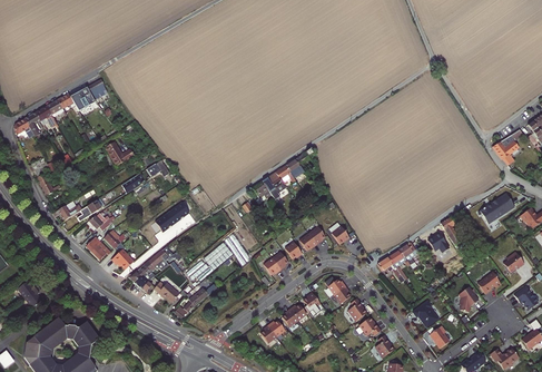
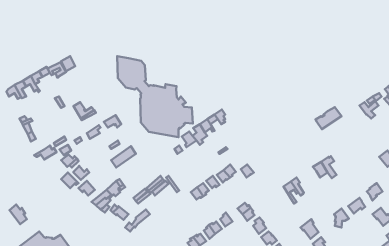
building: none -> [117,56,193,137]
building: [479,194,514,224] -> [315,107,342,129]

